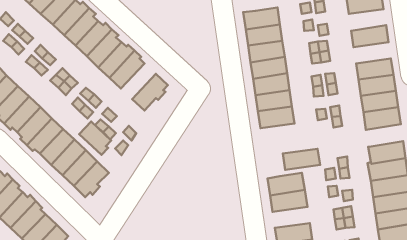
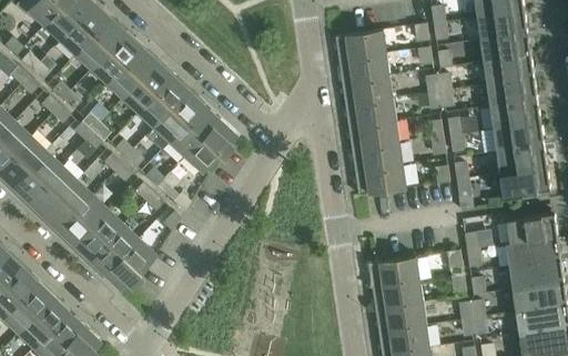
building: none -> [480,32,531,62]
building: none -> [487,78,538,106]
building: none -> [169,106,216,155]
building: [79,122,111,155] -> none
building: [283,149,320,170] -> [376,303,427,332]

